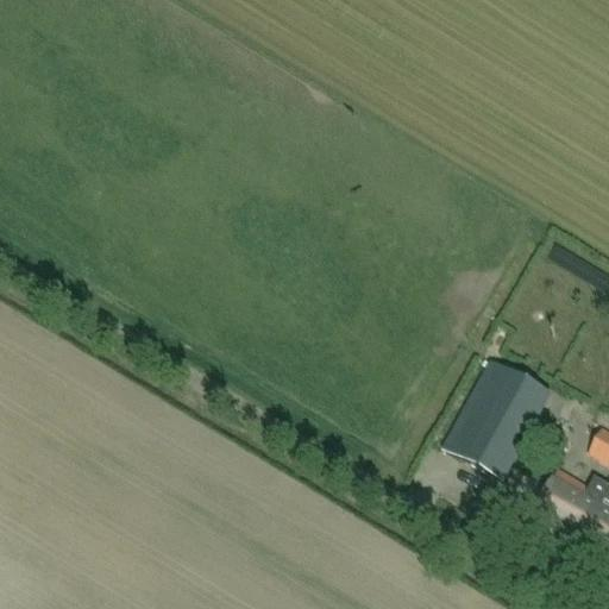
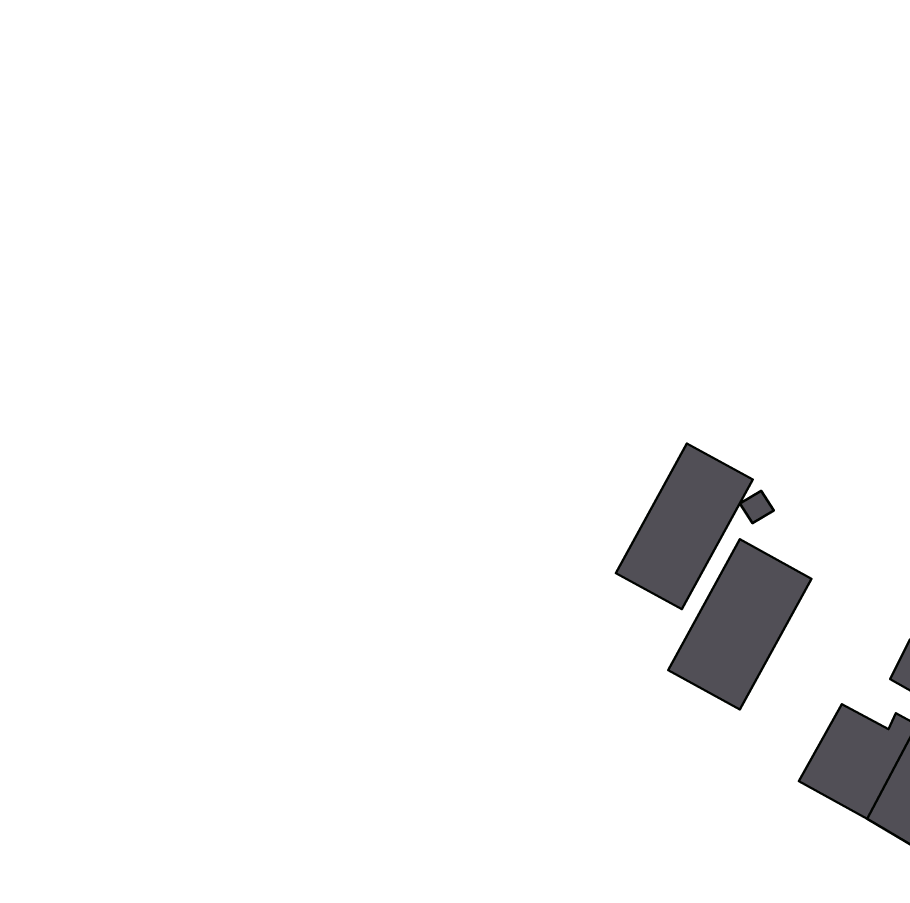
building: none -> [616,444,753,609]

